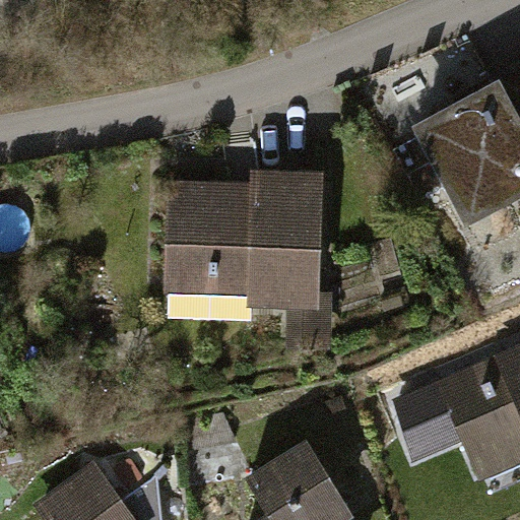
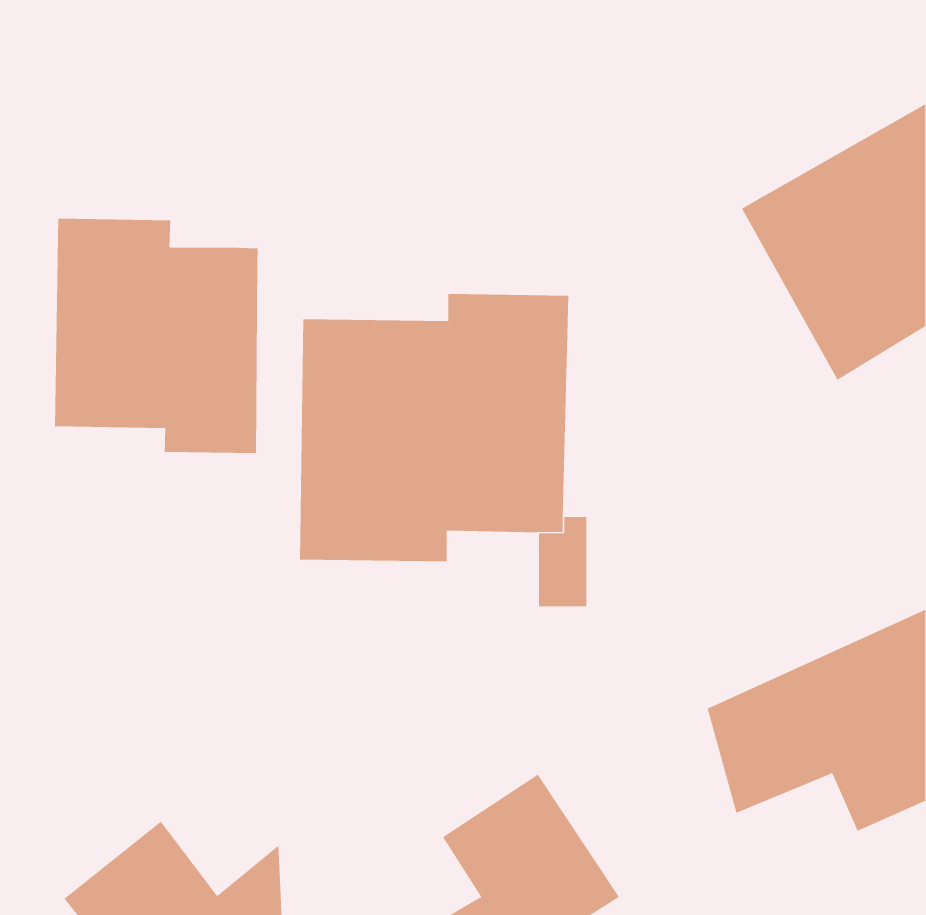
building: none -> [55,218,258,454]

